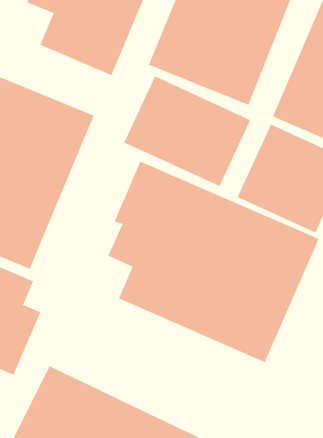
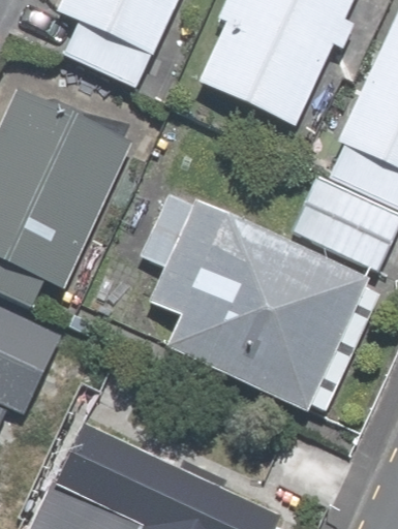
building: [124,76,251,187] -> none

